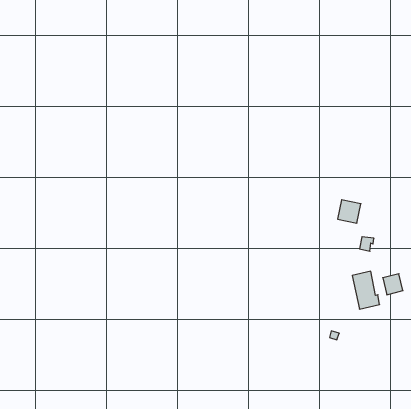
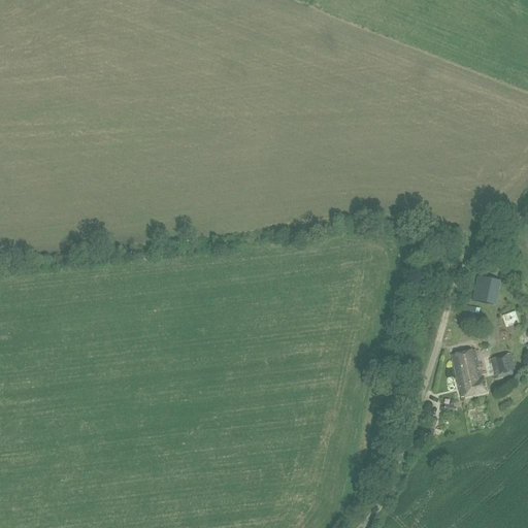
building: [338,200,361,223] -> [470,273,500,303]

